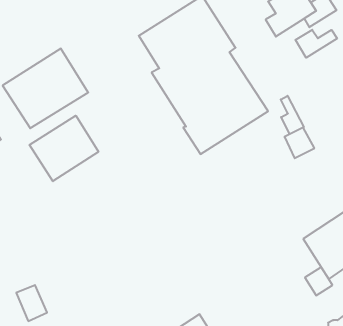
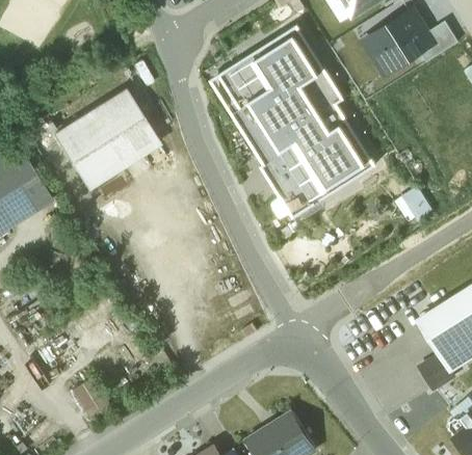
building: [295,30,337,58] -> none
building: [281,96,304,134] -> none
building: [30,116,98,181] -> none

